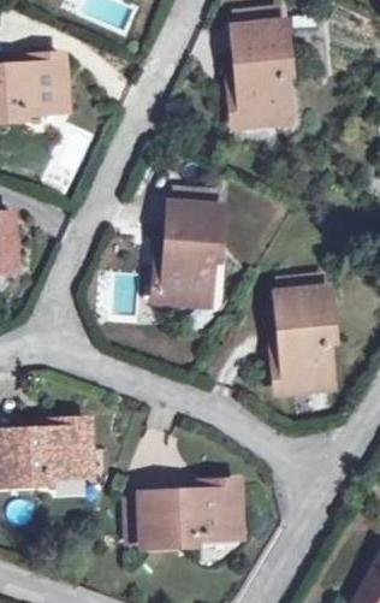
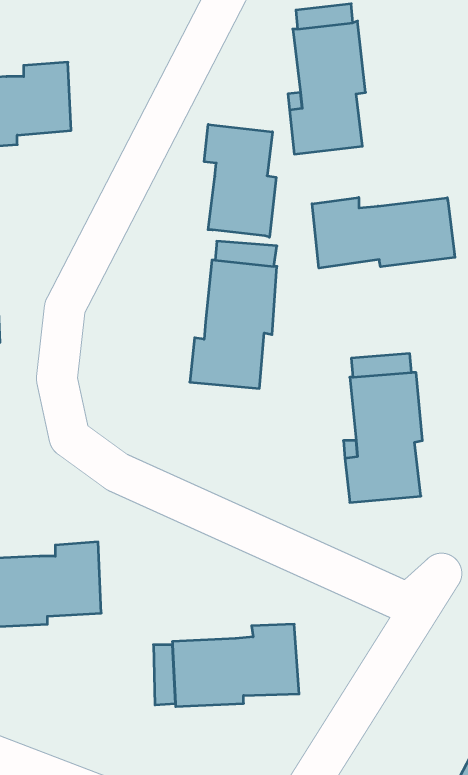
building: none -> [204,124,276,237]
building: none -> [312,197,455,268]

